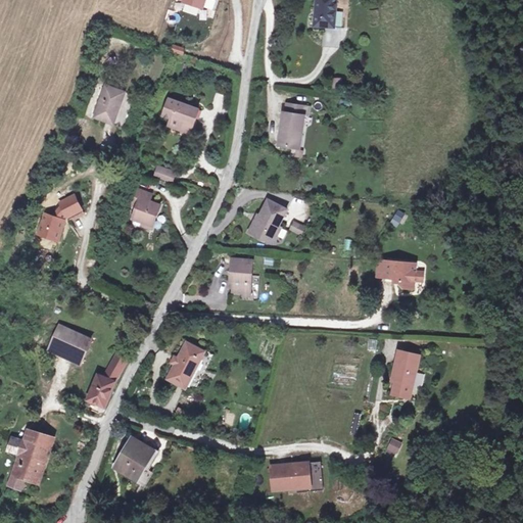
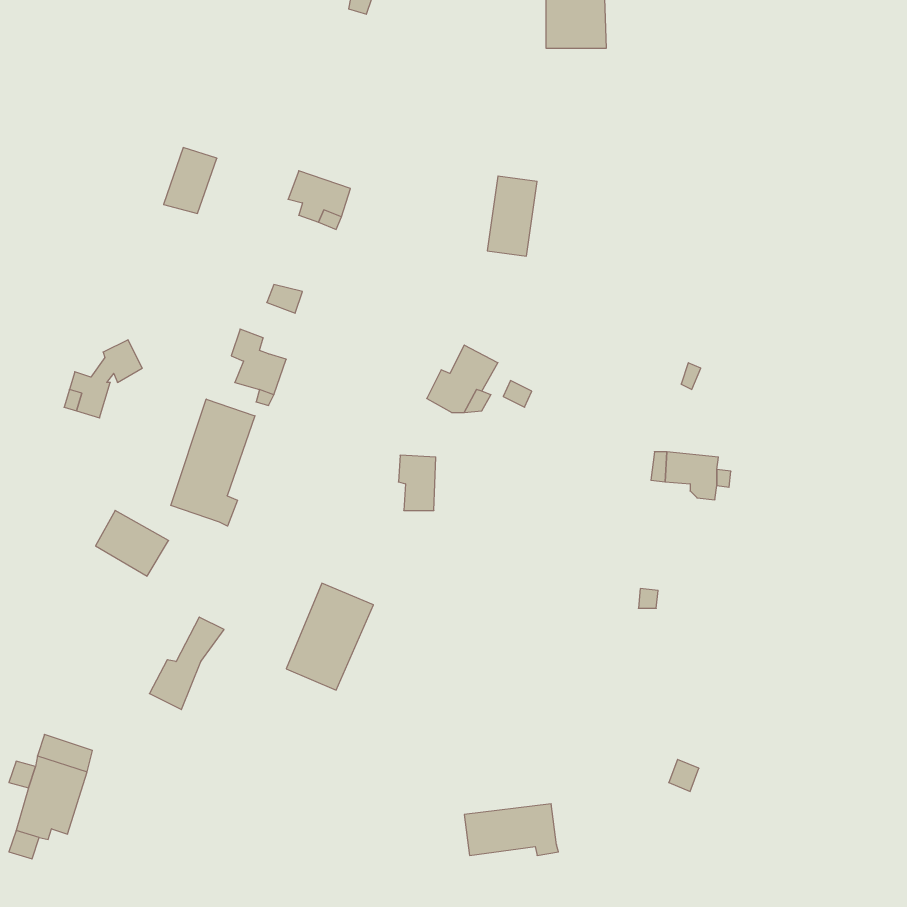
building: none -> [171,399,255,526]
building: [47,324,89,362] -> [96,510,169,576]
building: [390,348,419,396] -> none
building: [115,437,154,478] -> none

